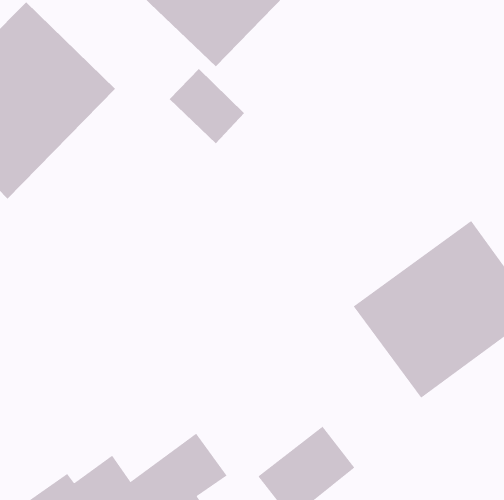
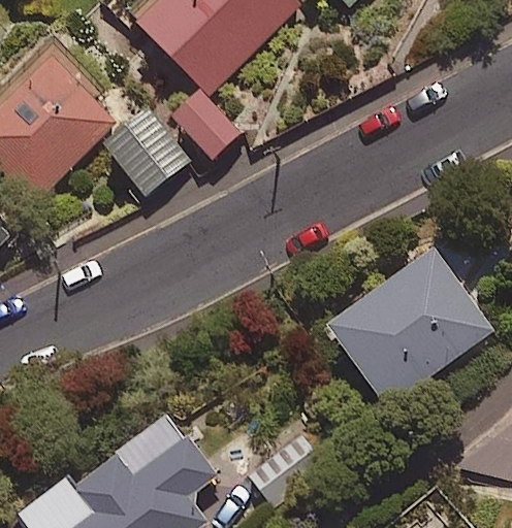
building: none -> [95,125,174,206]

